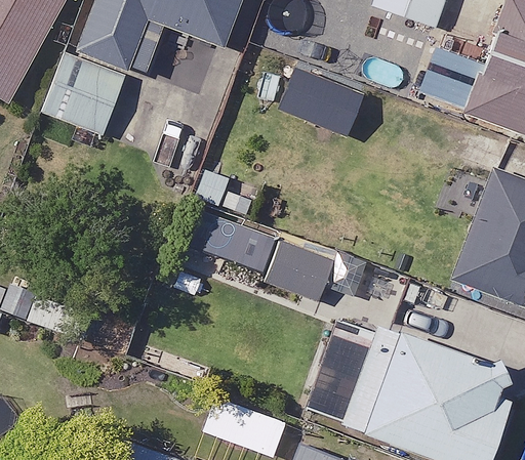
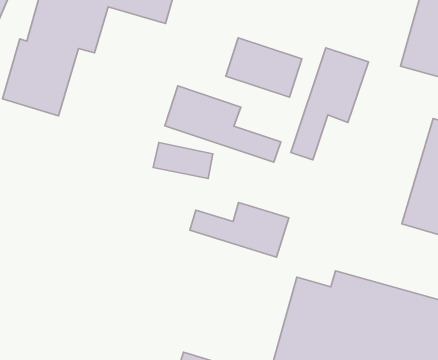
building: none -> [291,48,368,160]
building: none -> [165,86,281,162]

